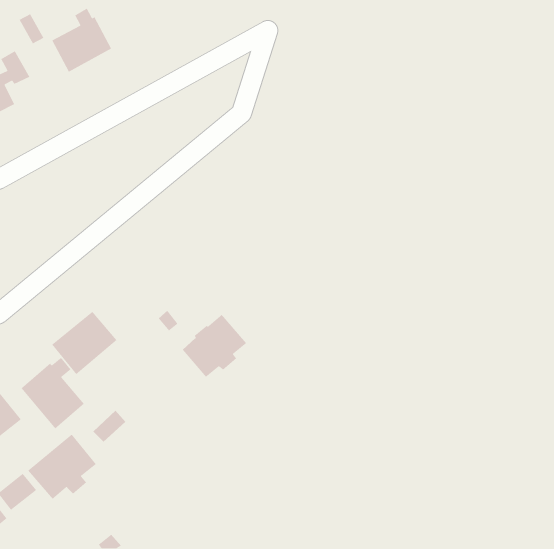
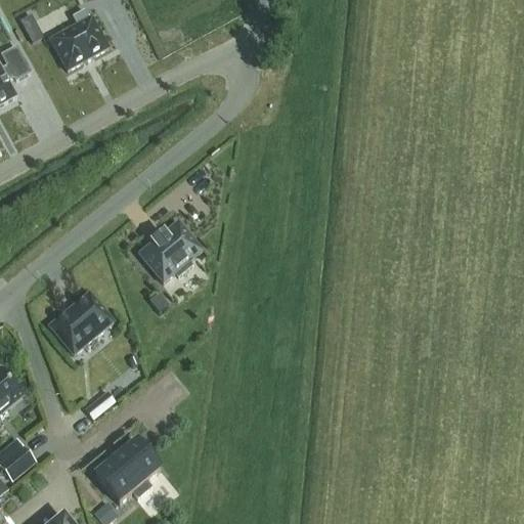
building: [182,314,247,378] -> [138,220,200,280]
building: [20,357,85,429] -> none
building: [27,434,97,500] -> [93,439,159,501]

